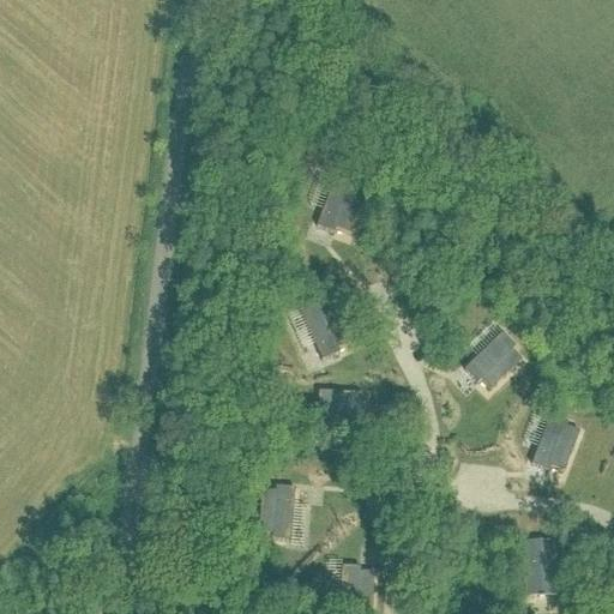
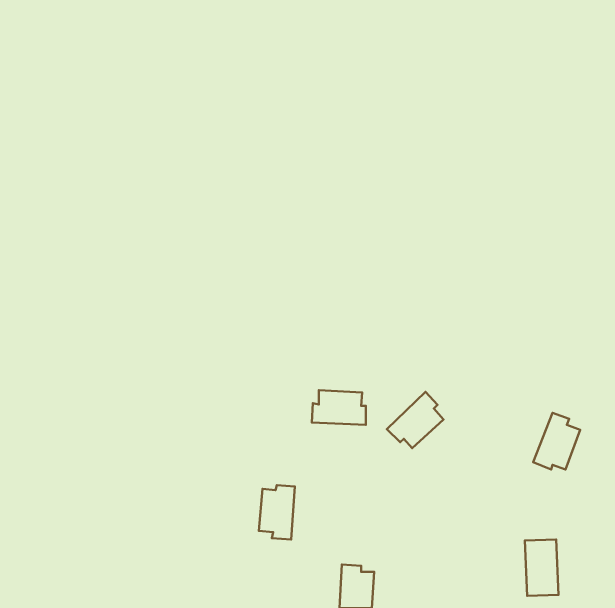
building: [317,174,362,229] -> none
building: [300,301,349,357] -> none
building: [464,330,520,386] -> [387,392,443,448]

